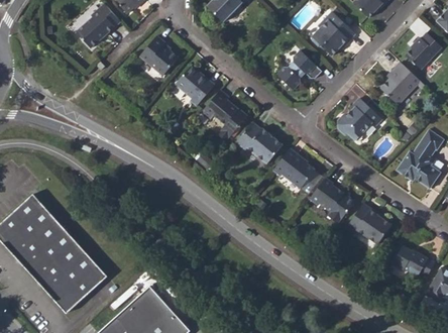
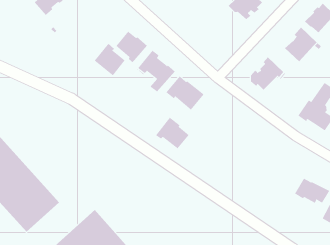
building: [140,35,179,76] -> [94,43,126,76]
building: [277,50,323,90] -> none
building: [273,148,315,188] -> [155,117,189,149]
building: [310,178,355,224] -> none
building: [347,203,393,245] -> none

